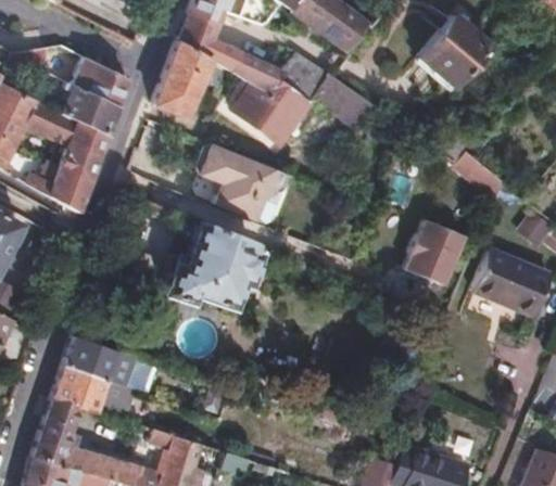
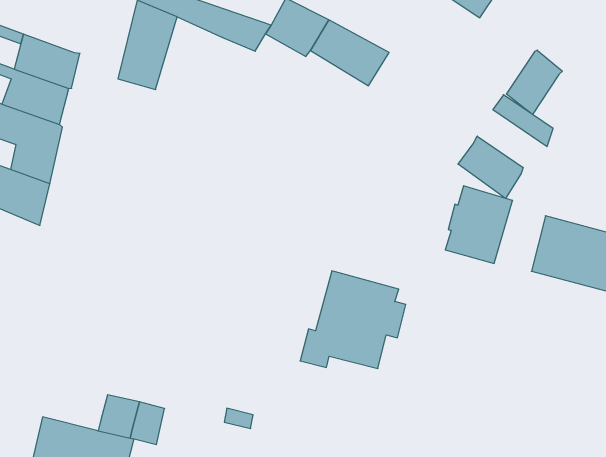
building: [231,78,308,142] -> none
building: none -> [506,50,562,115]
building: [195,146,289,225] -> none
building: none -> [458,136,523,198]
building: [167,222,257,305] -> [300,271,406,368]
building: [64,338,118,383] -> none

